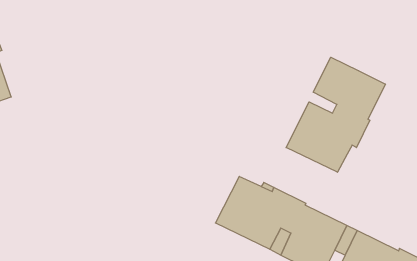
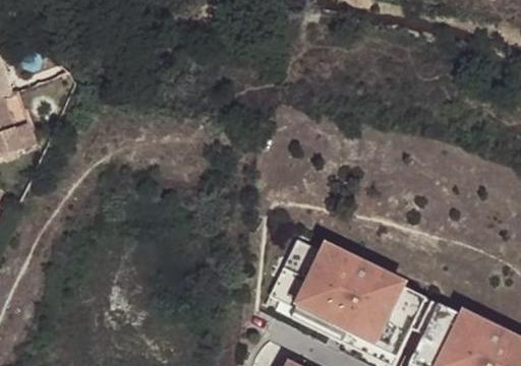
building: [286,57,385,172] -> none

